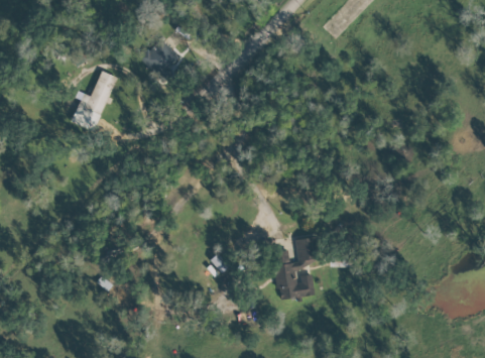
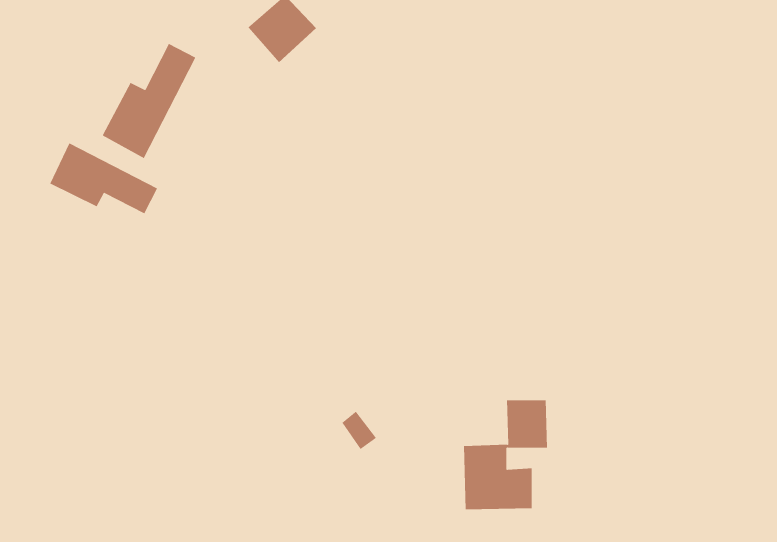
building: none -> [50,143,158,214]

